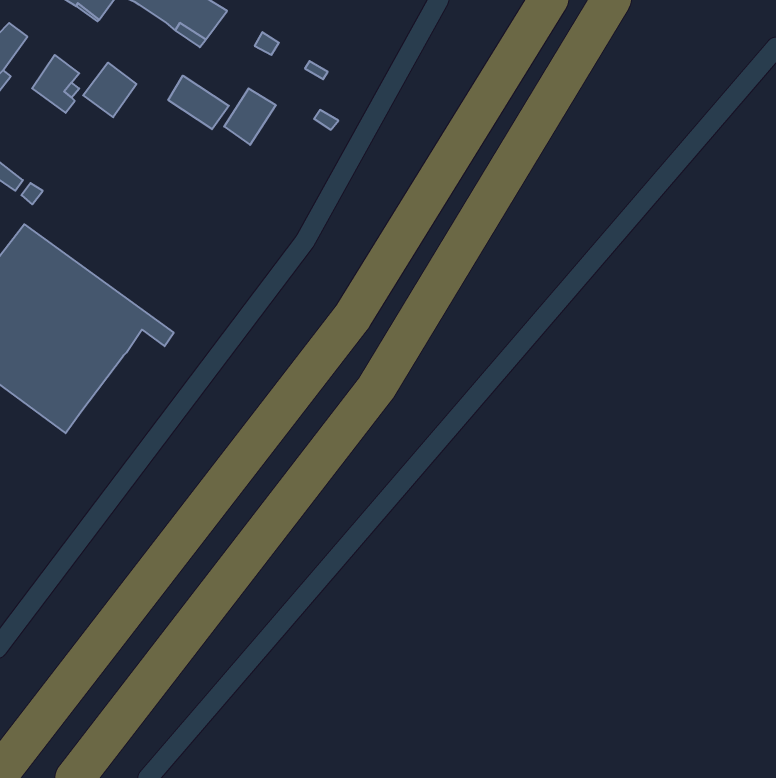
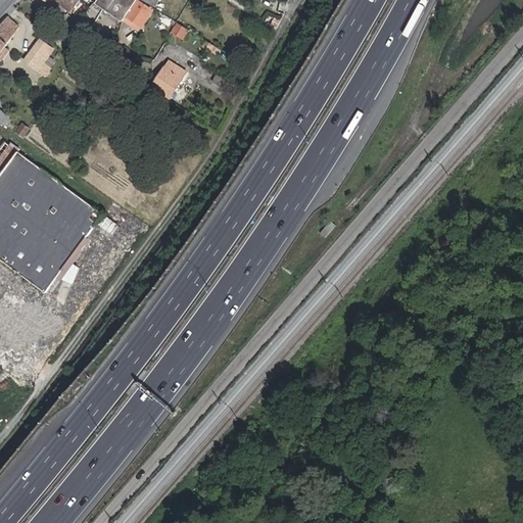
building: [83,63,136,117] -> none
building: [168,76,229,129] -> none

